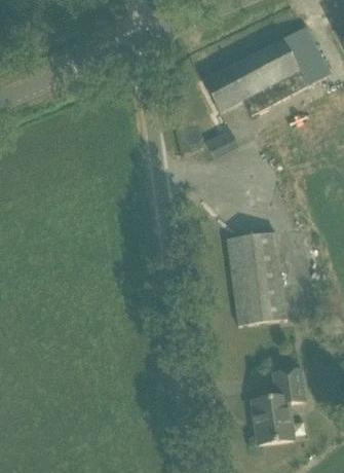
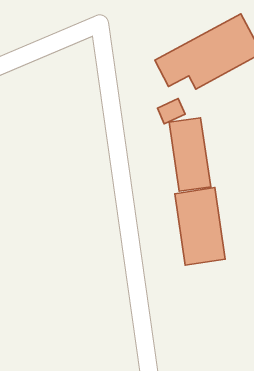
building: none -> [169,118,211,191]
building: [254,369,306,443] -> none

